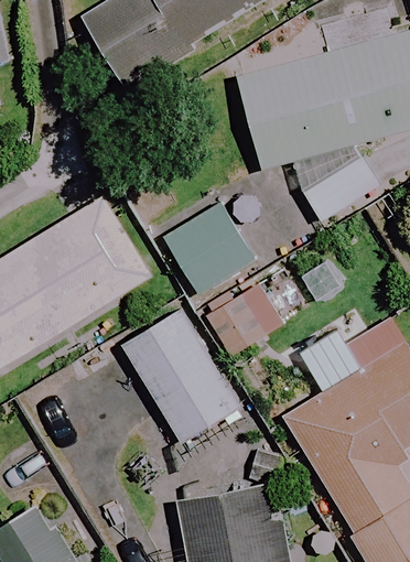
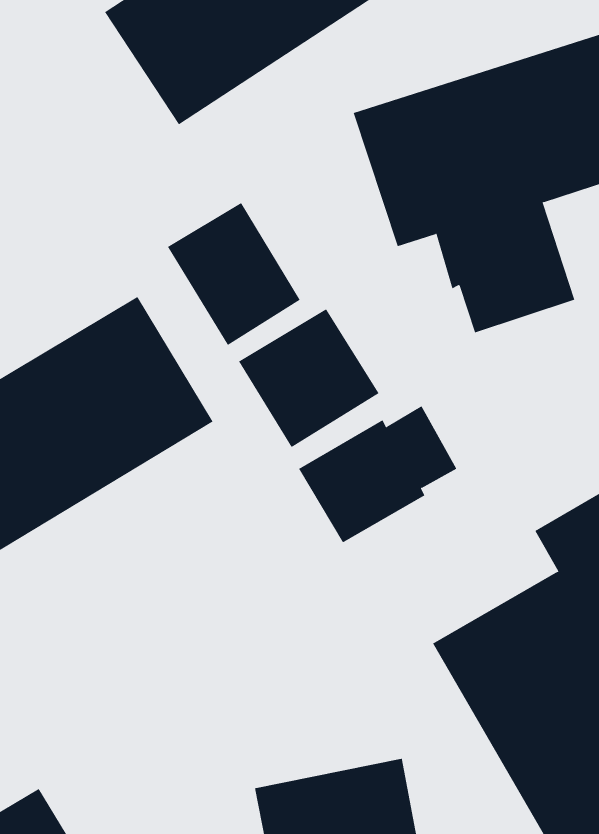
building: none -> [167,202,300,346]
building: [122,310,239,442] -> none

